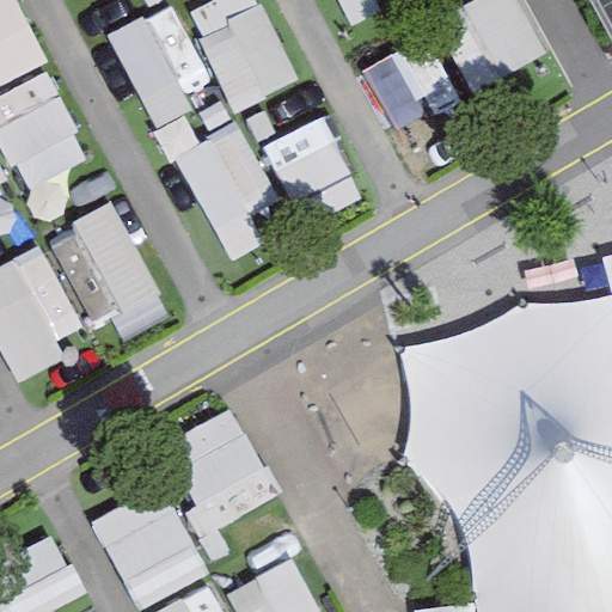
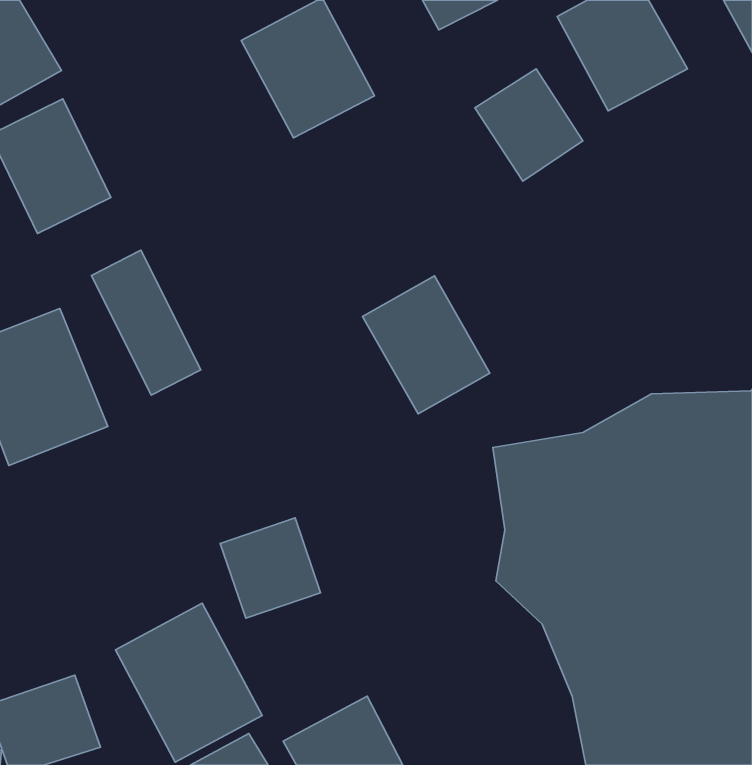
building: [110,8,204,128] -> none
building: [263,115,365,225] -> [363,276,490,414]
building: [176,124,262,261] -> none

